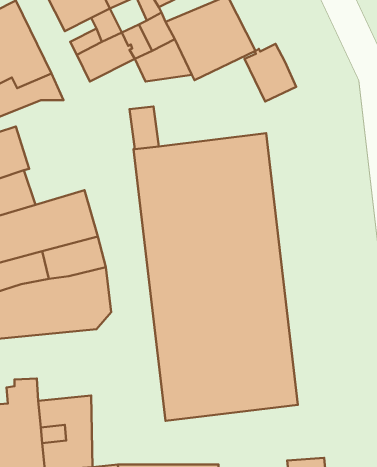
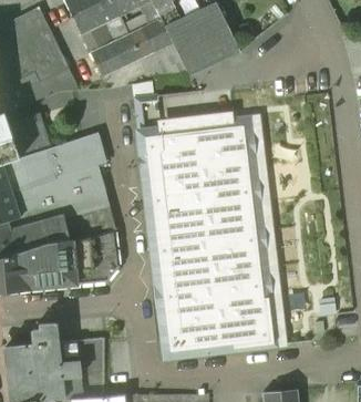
building: [245,44,296,102] -> none
building: none -> [47,133,104,178]

